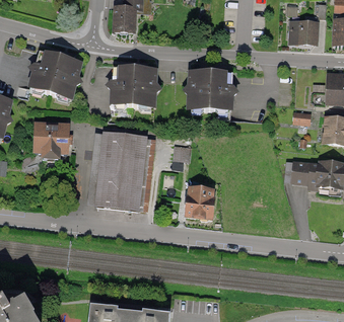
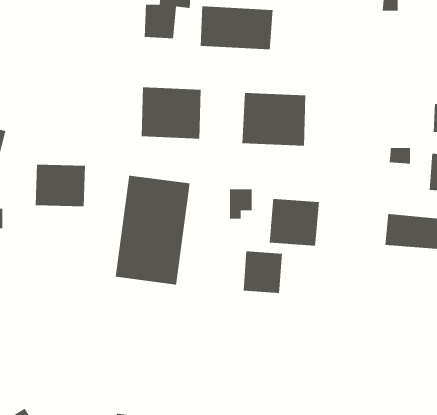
building: none -> [200,6,273,50]
building: [290,19,318,44] -> none
building: [29,52,80,98] -> none
building: none -> [269,198,319,246]

